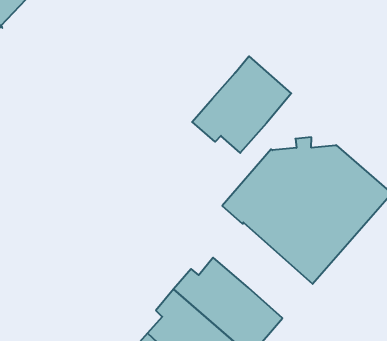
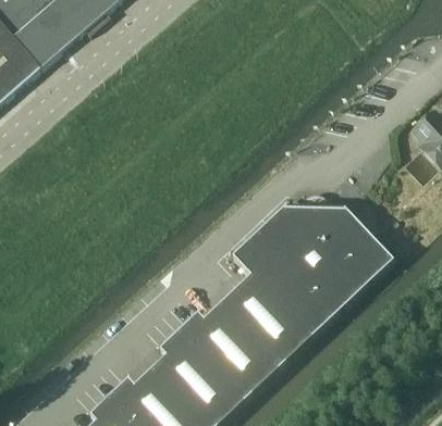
building: [192,56,291,153] -> none
building: none -> [218,274,309,367]

